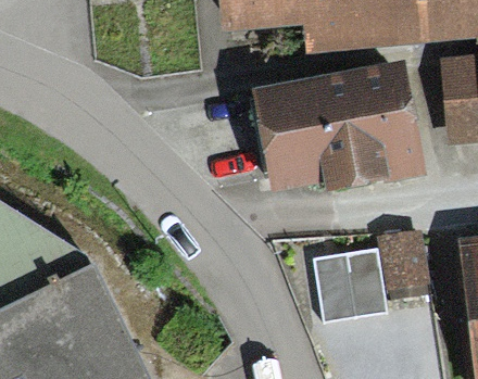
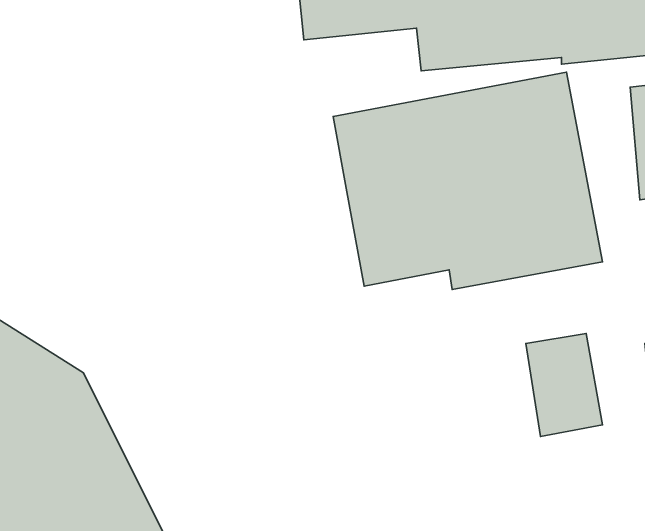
building: [315,247,387,318] -> none

